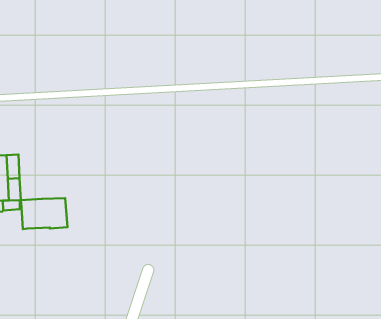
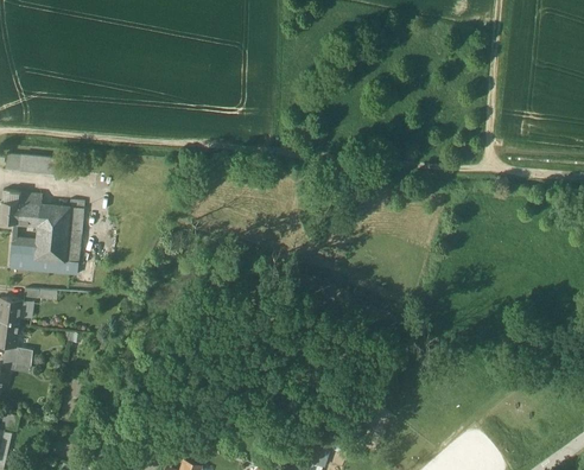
building: [21,198,67,229] -> none

